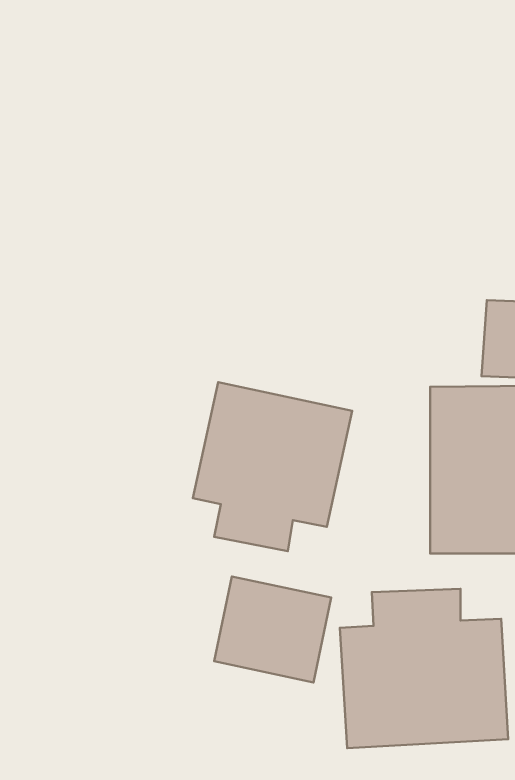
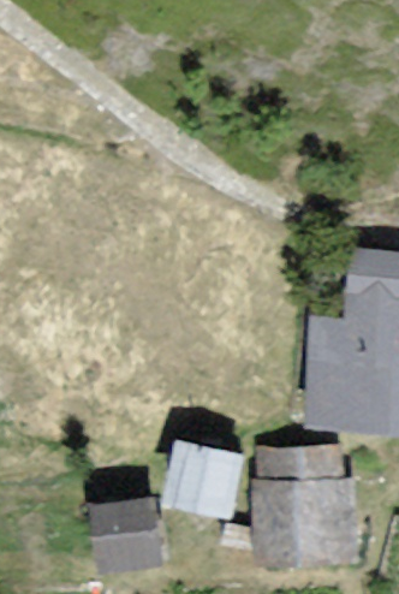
building: [193,382,352,551] -> none
building: none -> [82,501,165,574]

